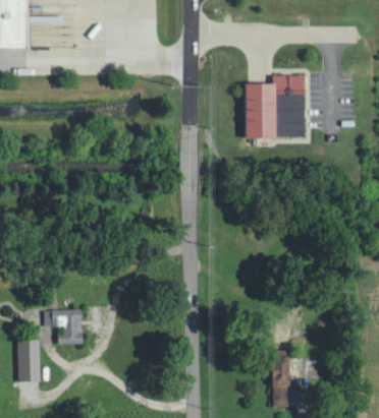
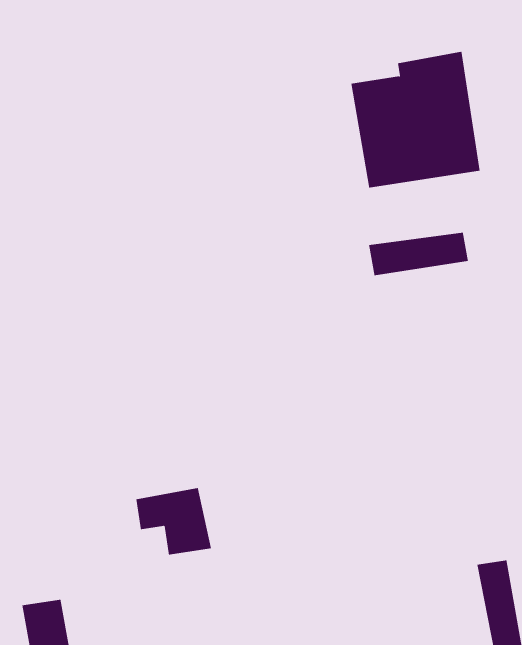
building: none -> [369,232,468,276]
building: [45,309,83,344] -> [136,488,212,555]

